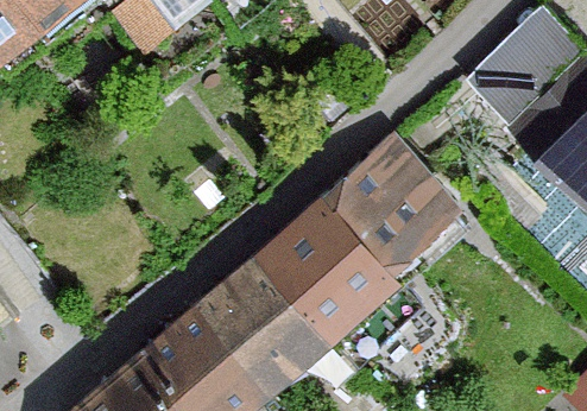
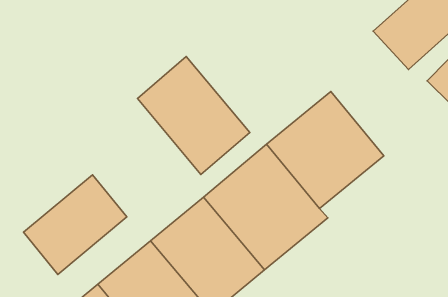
building: none -> [137,56,250,174]
building: none -> [24,175,127,274]

